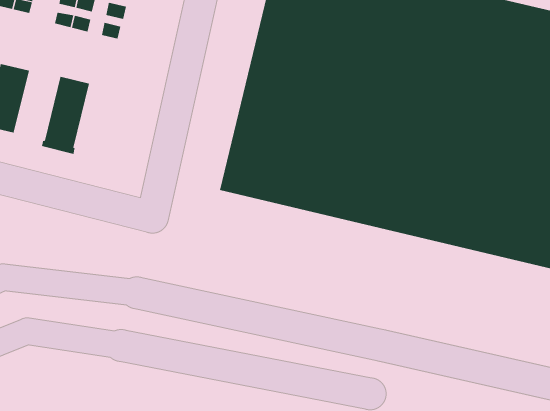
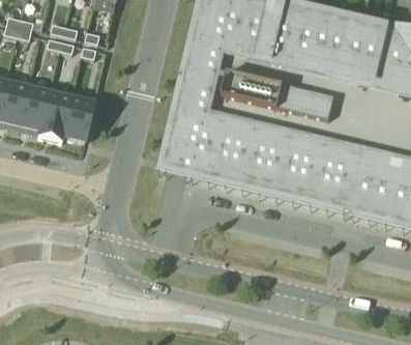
building: none -> [17,79,50,130]
building: none -> [60,88,94,140]

